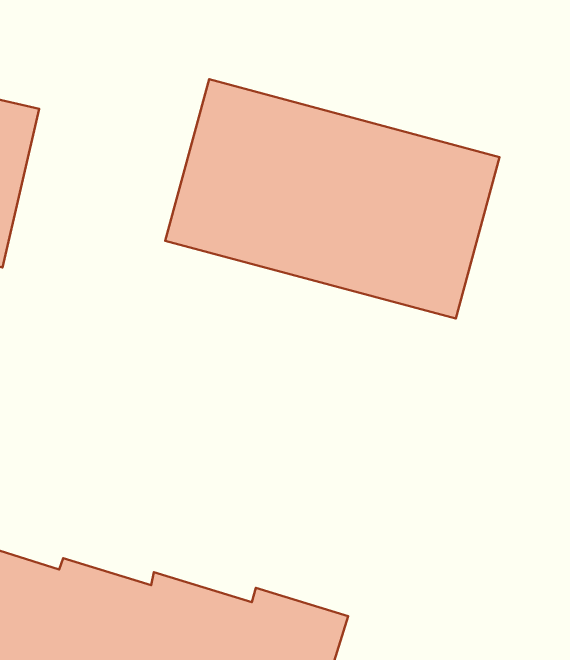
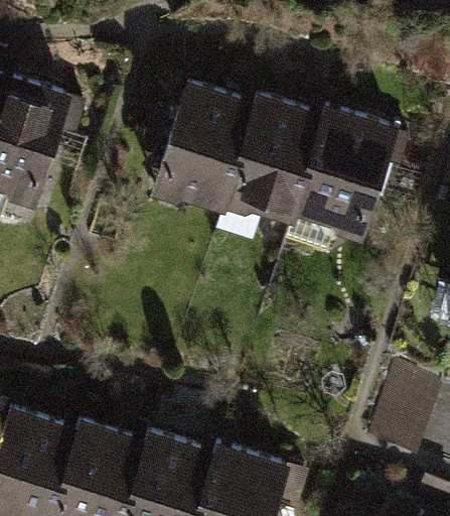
building: none -> [366,371,442,463]

